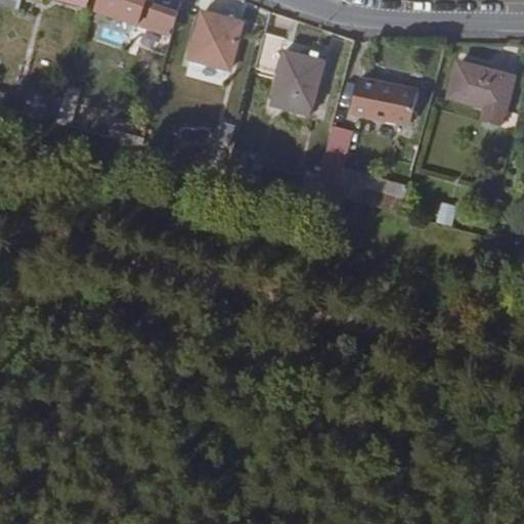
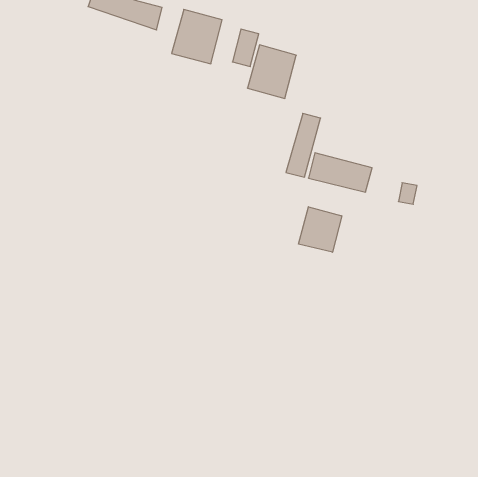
building: [447,60,514,126] -> none
building: [347,75,420,127] -> none
building: none -> [299,207,342,252]

